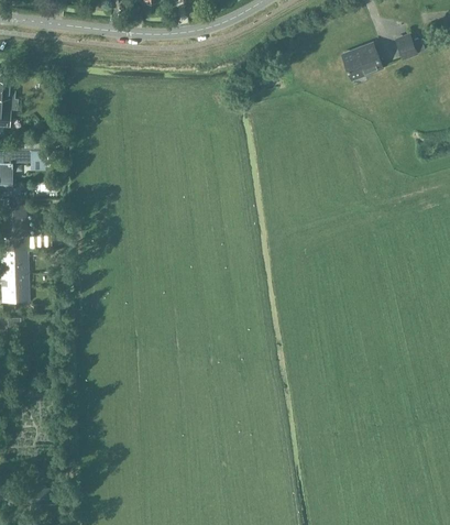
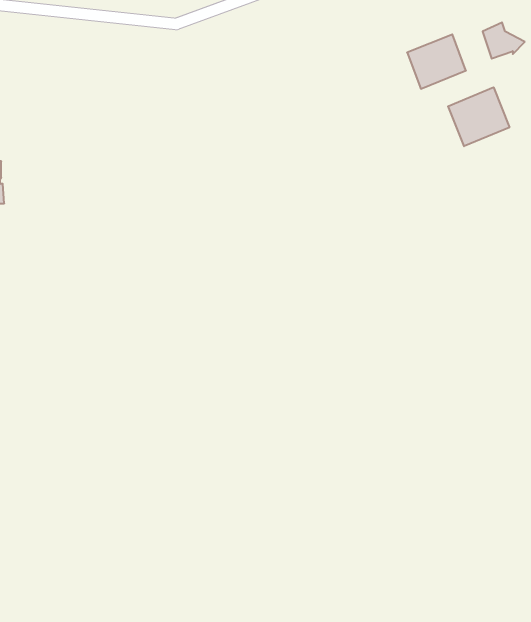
building: none -> [448,87,509,146]

